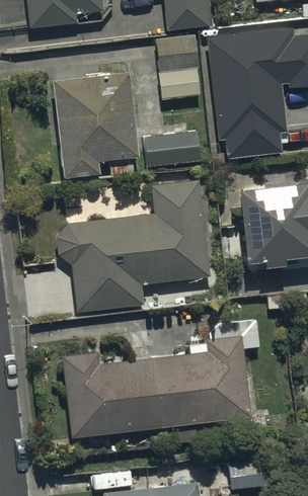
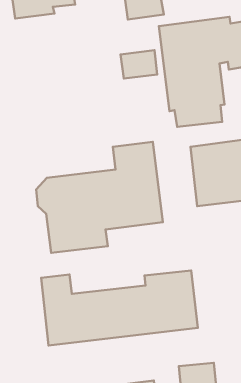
building: [153,35,199,75] -> none
building: [50,73,138,183] -> none
building: [142,130,200,171] -> none

